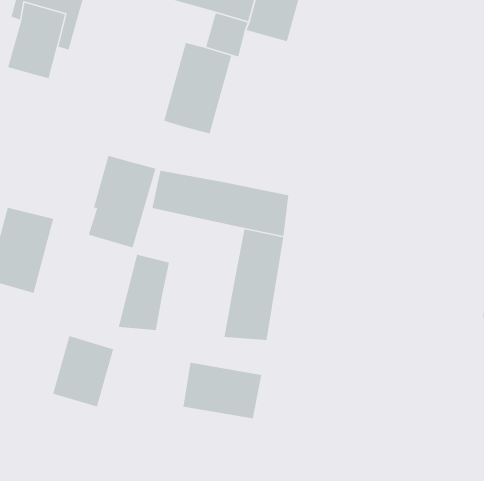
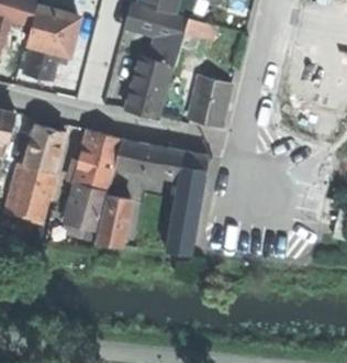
building: none -> [189,66,233,127]
building: none -> [23,123,65,172]
building: [52,335,114,407] -> [65,183,105,230]
building: [182,362,262,419] -> none

